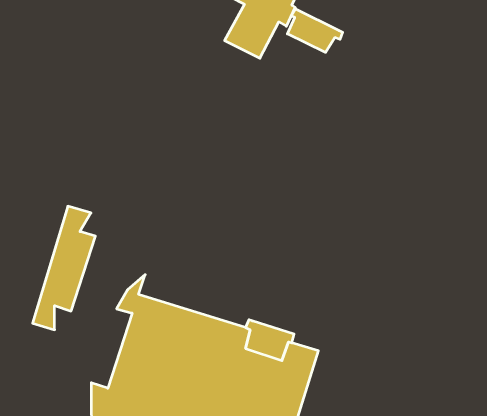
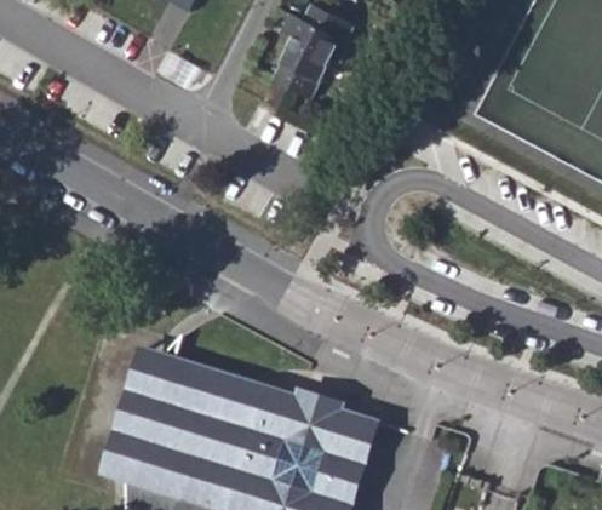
building: [287,9,343,52] -> none
building: [33,206,95,330] -> [101,345,170,481]

